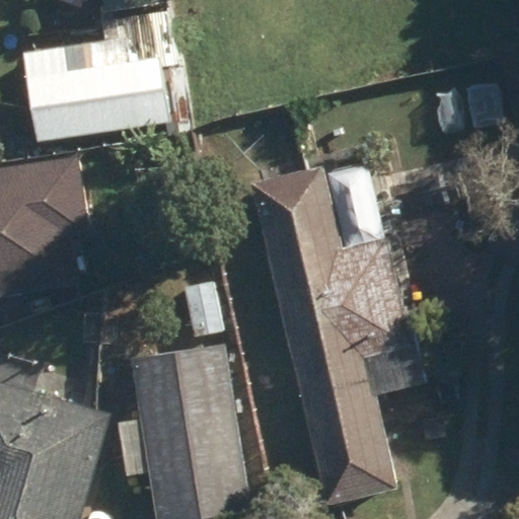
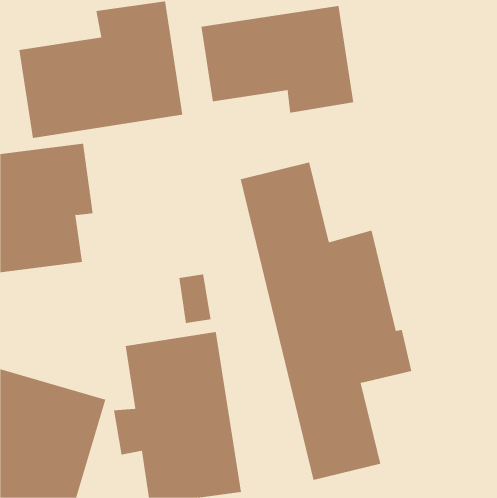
building: none -> [201,5,354,114]

